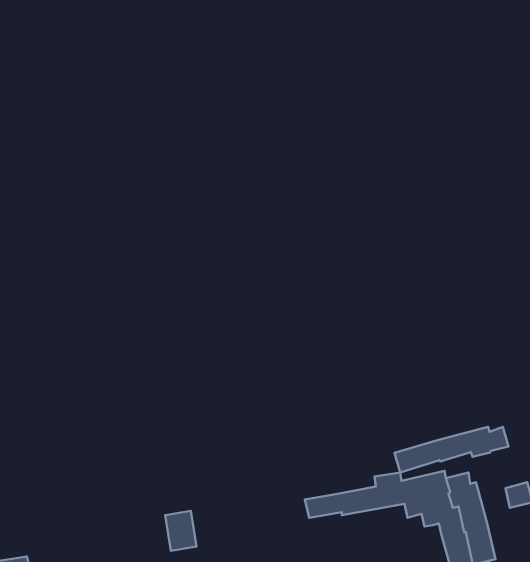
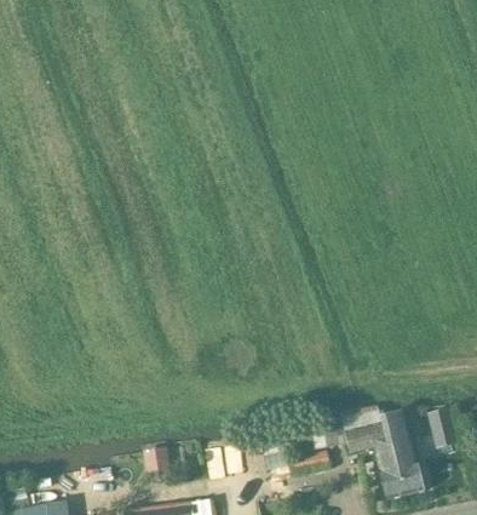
building: [394,427,509,472] -> none

